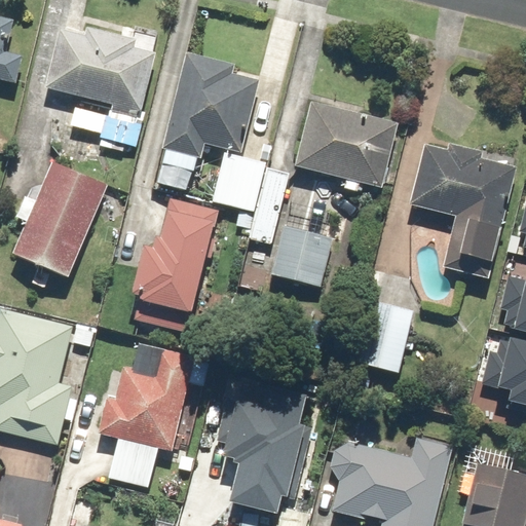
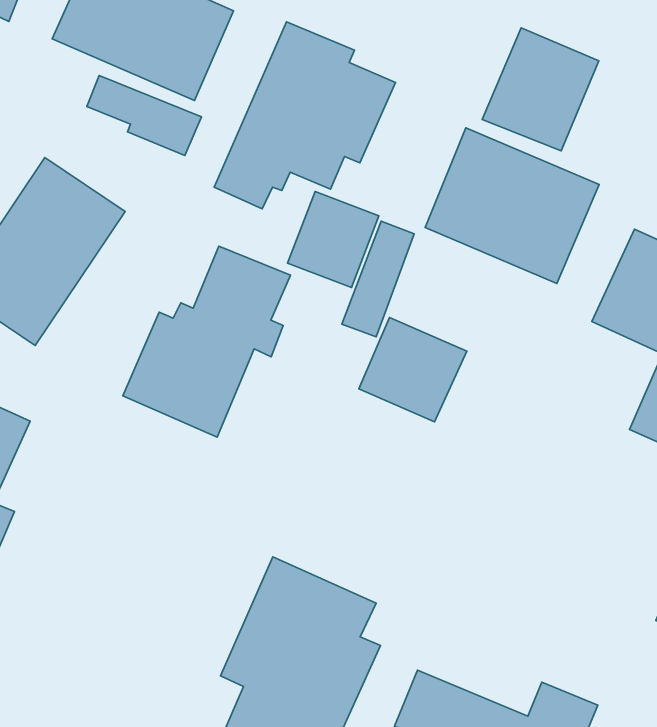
building: none -> [482,28,599,151]
building: [356,299,413,374] -> none
building: [100,350,188,487] -> none

